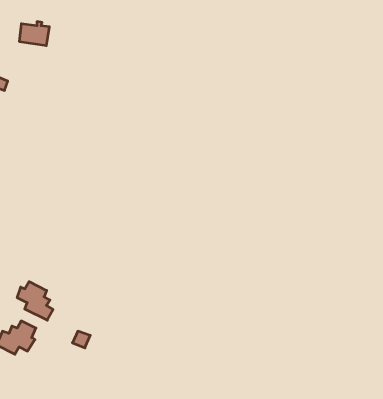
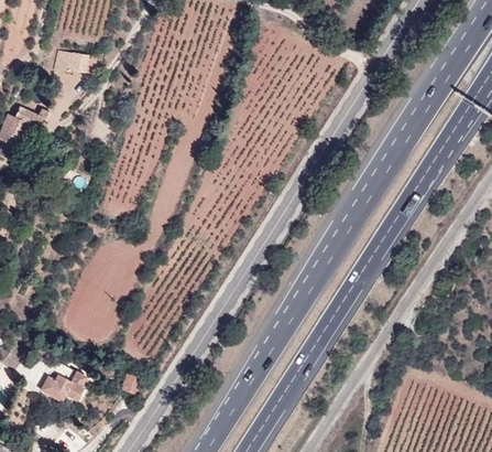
building: [17,282,53,320] -> none

